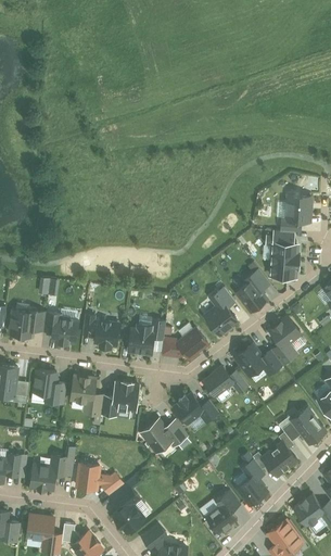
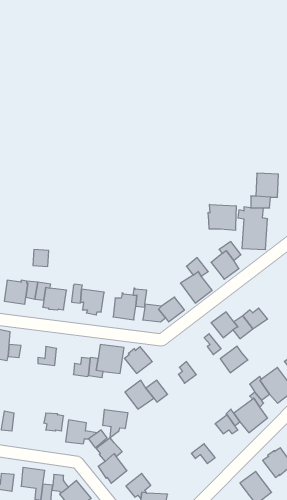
building: none -> [208,204,236,230]
building: [267,314,301,346] -> none
building: [204,366,234,395] -> [220,346,248,373]
building: [34,371,56,396] -> none
building: [71,376,94,403] -> none
building: [174,394,204,424] -> [124,347,152,373]
building: none -> [103,409,128,438]
building: [29,465,55,490] -> none
building: [235,475,268,507] -> none
building: [204,502,237,534] -> none

